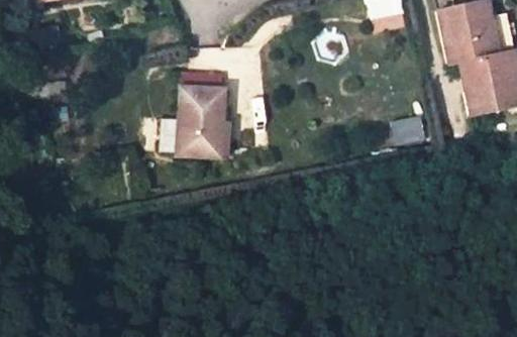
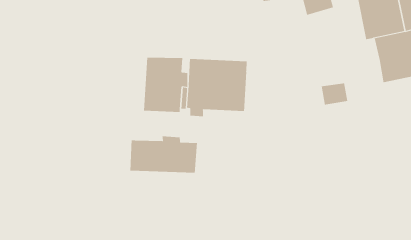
building: none -> [187,58,247,117]
building: none -> [130,136,198,173]

